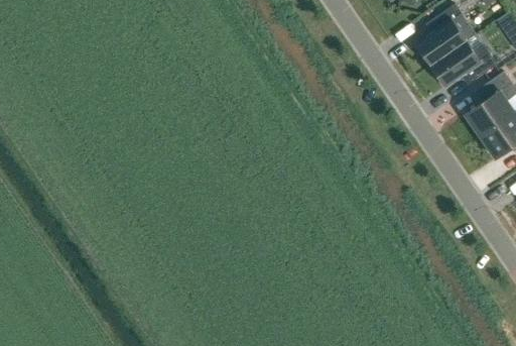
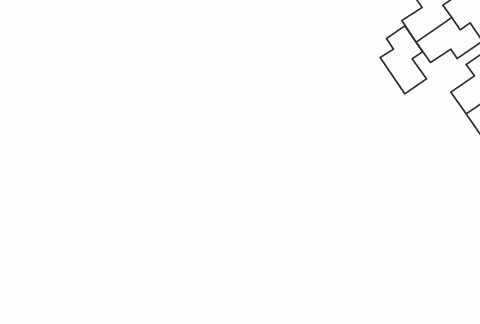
building: none -> [380,26,426,94]

